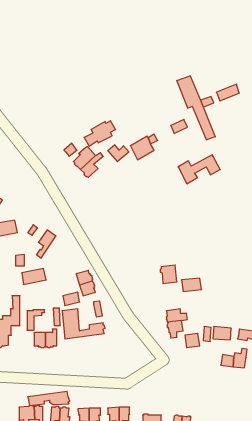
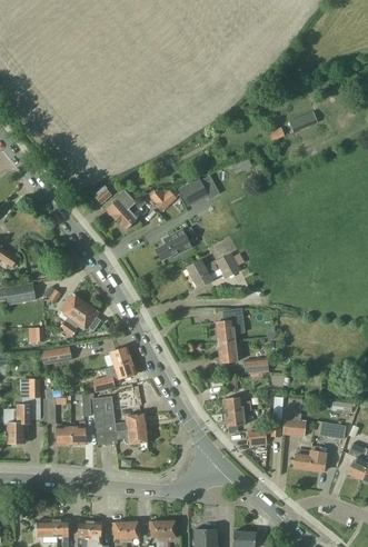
building: [177,76,215,140] -> none
building: [84,121,116,146] -> [156,228,196,260]
building: [178,155,220,184] -> [187,251,240,288]
building: none -> [66,304,101,336]
building: none -> [216,309,245,342]
building: [28,391,70,406] -> [96,427,149,445]

